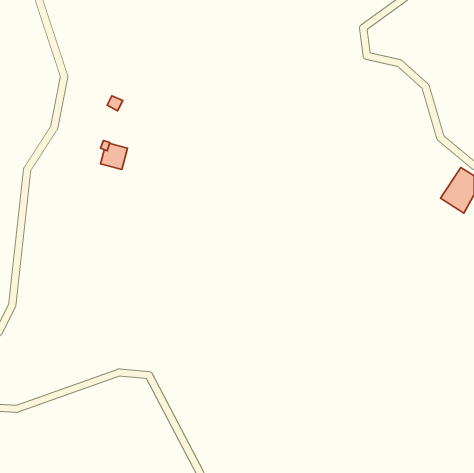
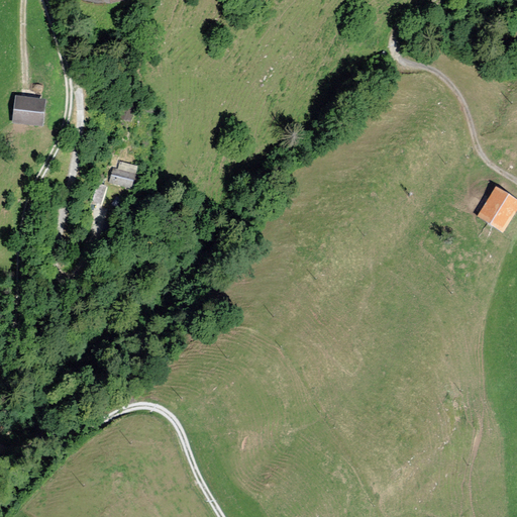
building: none -> [11,97,43,127]

